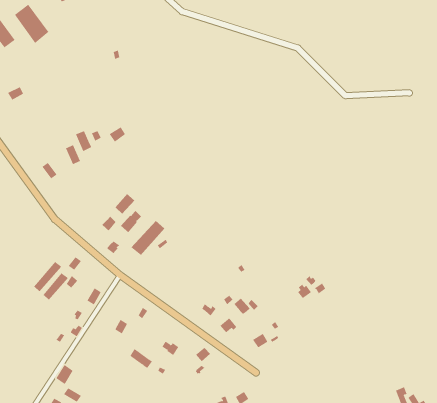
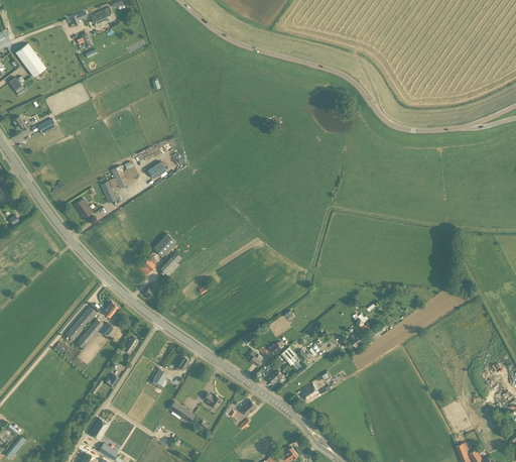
building: [14,4,49,44] -> none
building: [131,220,165,256] -> none

